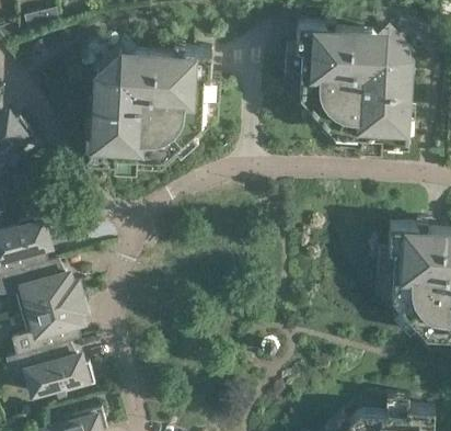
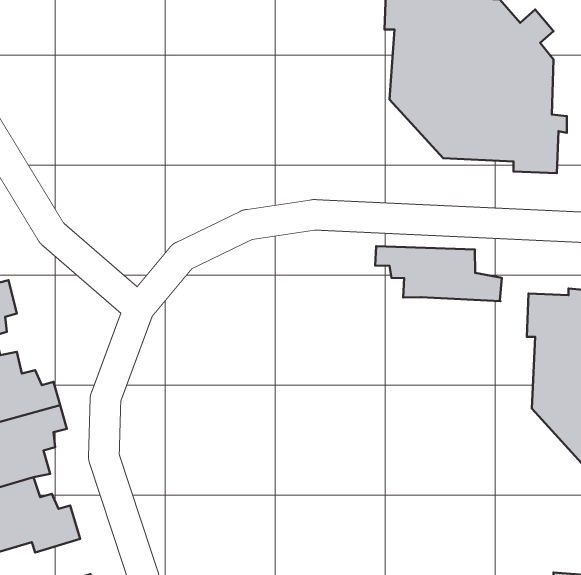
building: [83,41,210,160] -> none
building: none -> [375,246,502,301]

